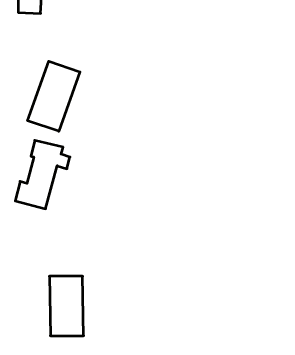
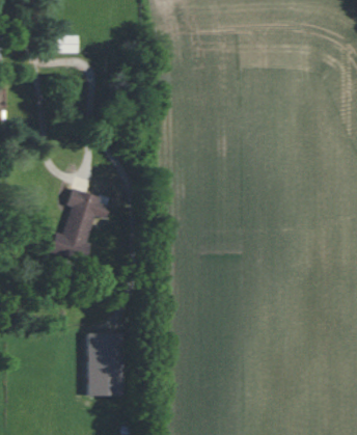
building: [28,61,80,131] -> none

